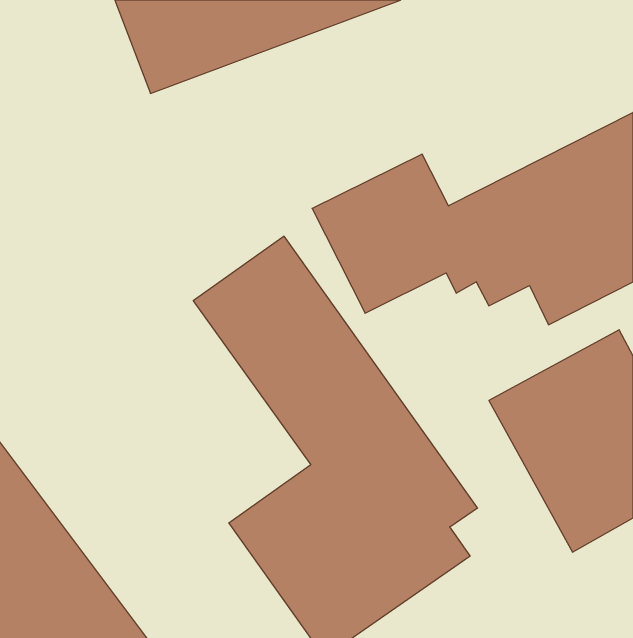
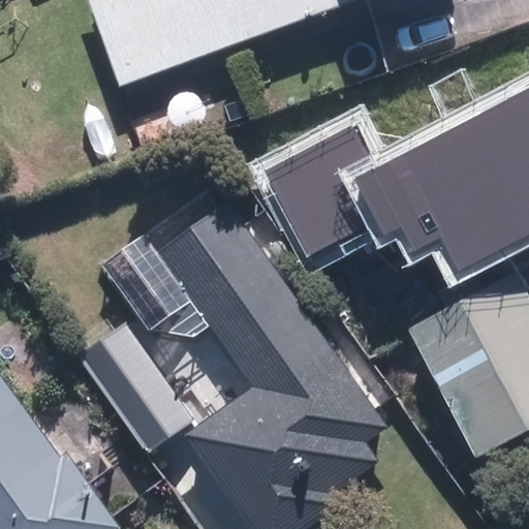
building: none -> [77,324,190,450]

